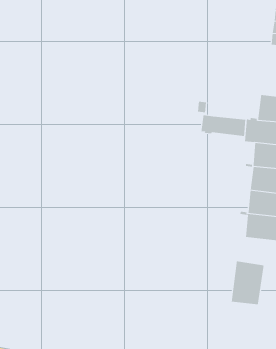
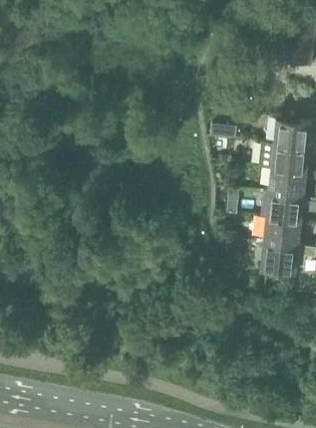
building: [201,115,246,137] -> none
building: [231,261,264,305] -> none

